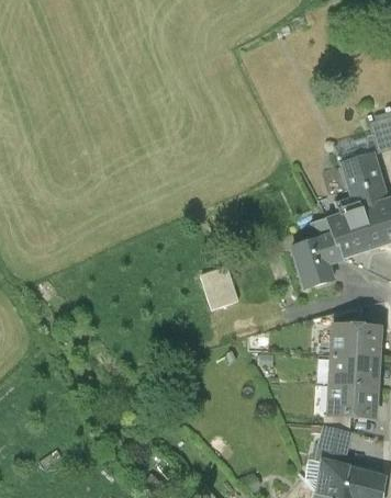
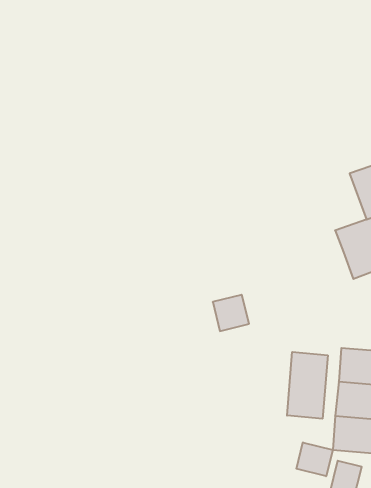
building: [292,235,340,287] -> none
building: none -> [287,352,328,419]
building: none -> [296,442,333,476]

